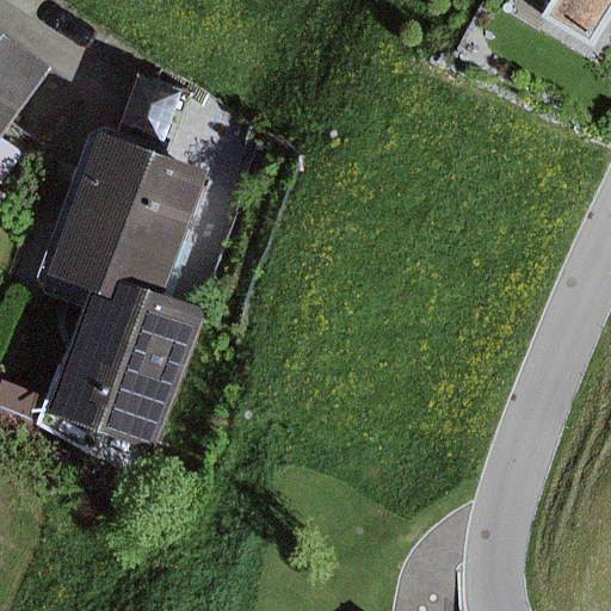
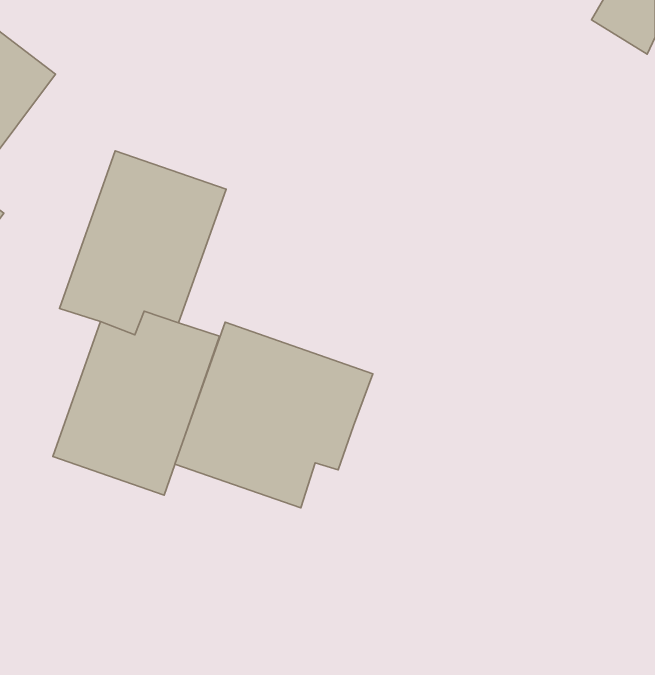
building: none -> [175,322,373,508]

